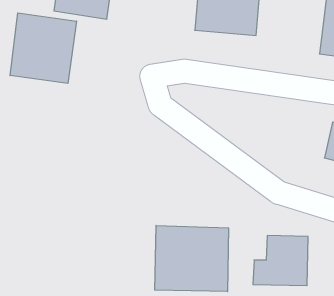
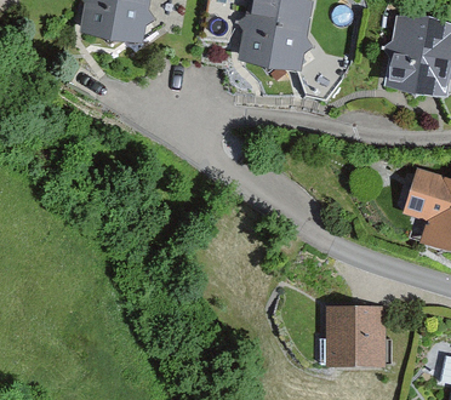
building: [10,13,77,83] -> none
building: [155,225,229,292] -> none

